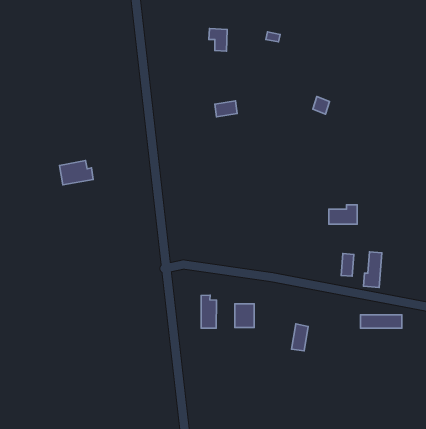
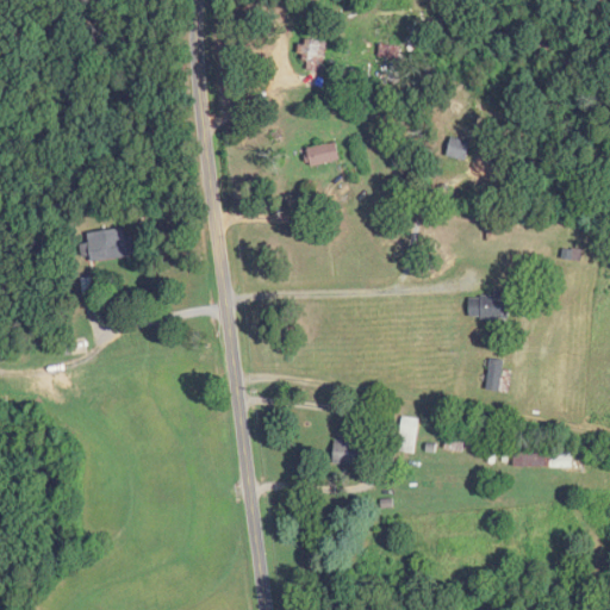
building: [363,252,382,287] -> none
building: [201,295,216,328] -> none
building: [292,324,308,351] -> [394,416,418,454]

